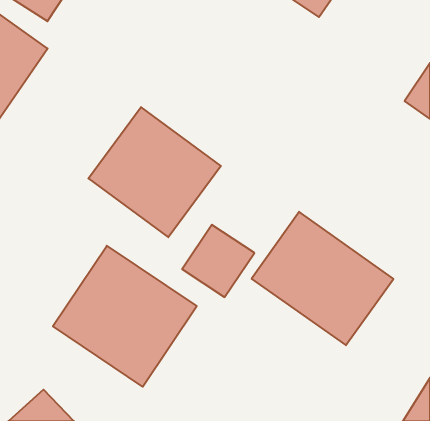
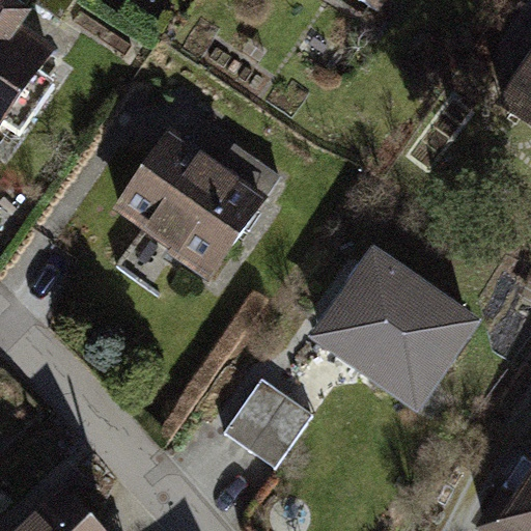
building: [182,225,254,297] -> [226,389,314,477]
building: [53,246,197,387] -> none

